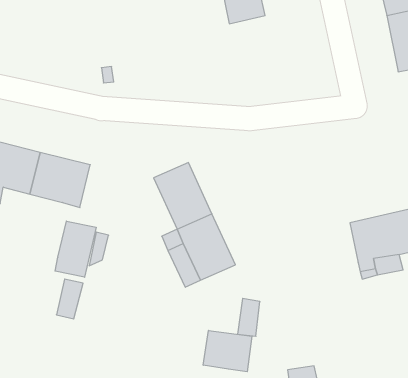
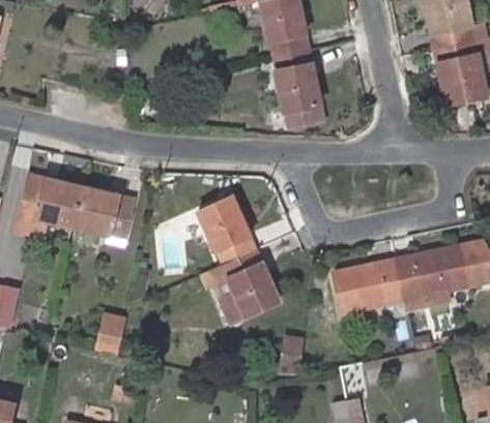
building: none -> [273,48,324,127]
building: [55,221,96,277] -> none
building: none -> [335,258,404,311]
building: [203,330,252,372] -> none

